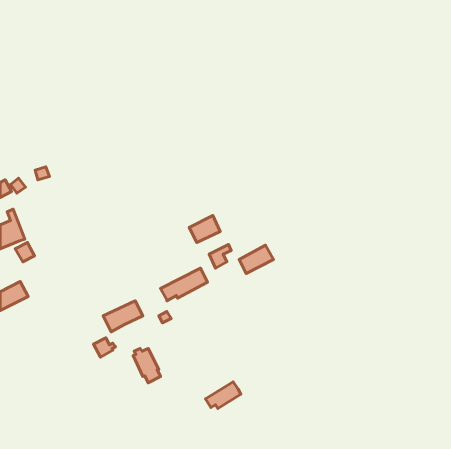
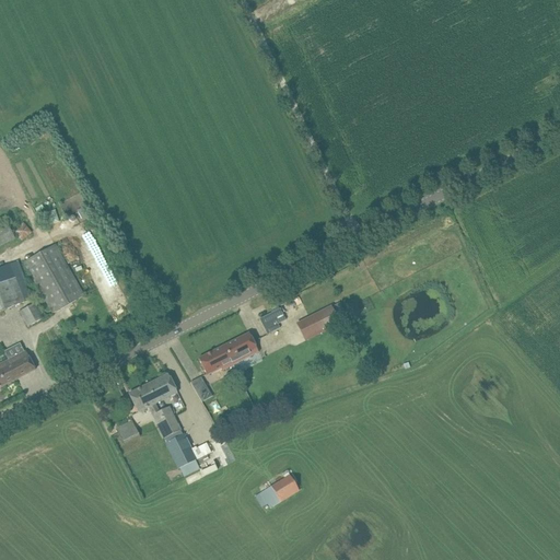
building: none -> [24,243,83,312]
building: [189,216,220,243] -> none
building: none -> [150,402,180,436]

